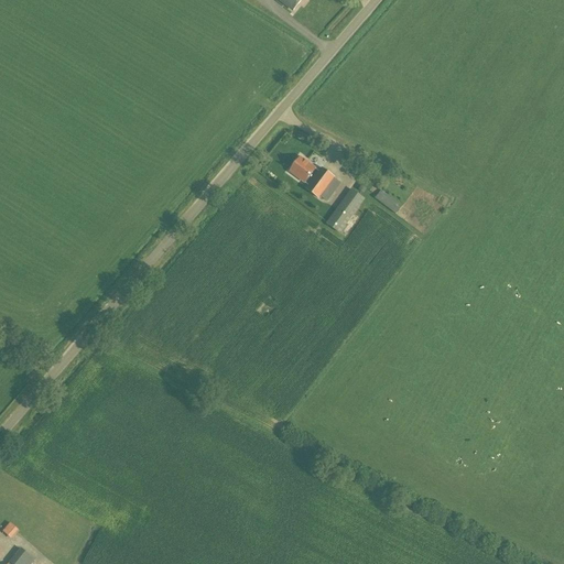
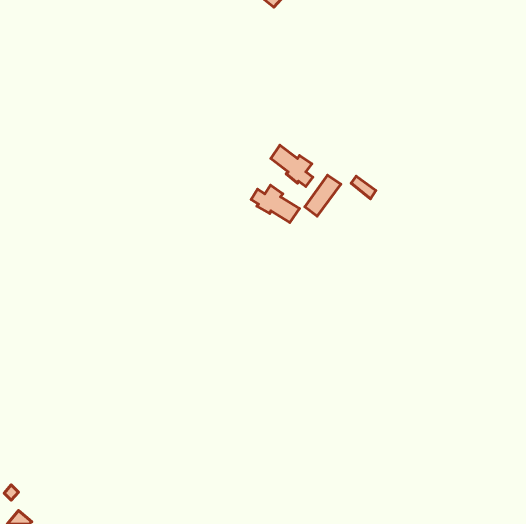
building: none -> [251,185,299,222]

